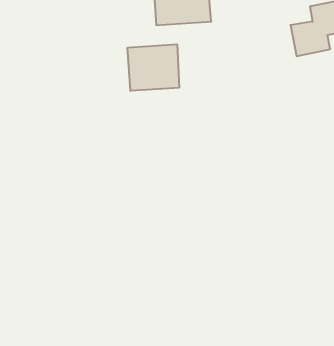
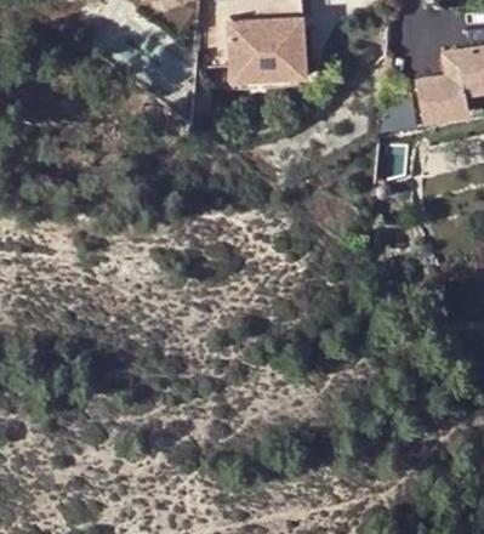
building: [128,44,179,91] -> none

